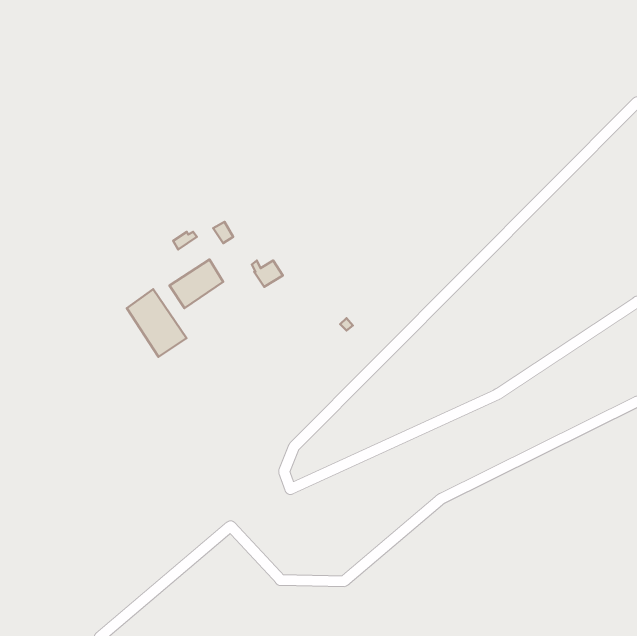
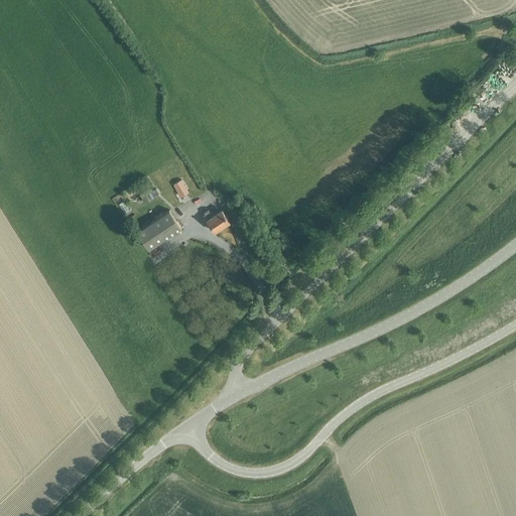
building: [127,289,187,357] -> none

